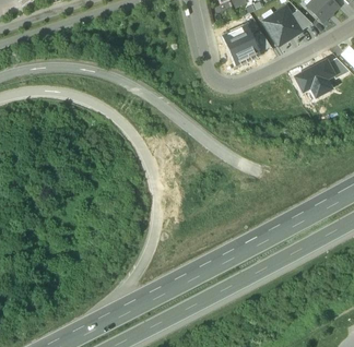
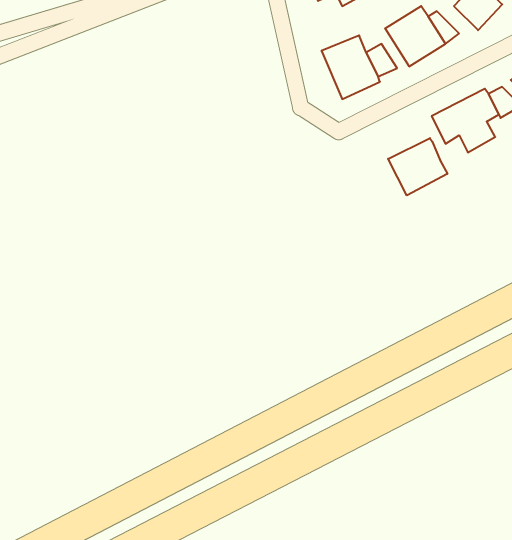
building: none -> [388,138,447,195]

